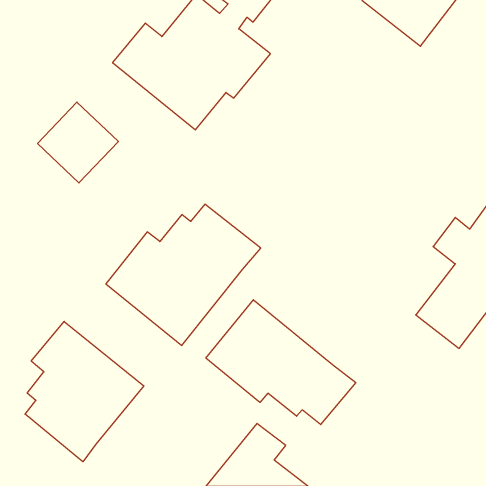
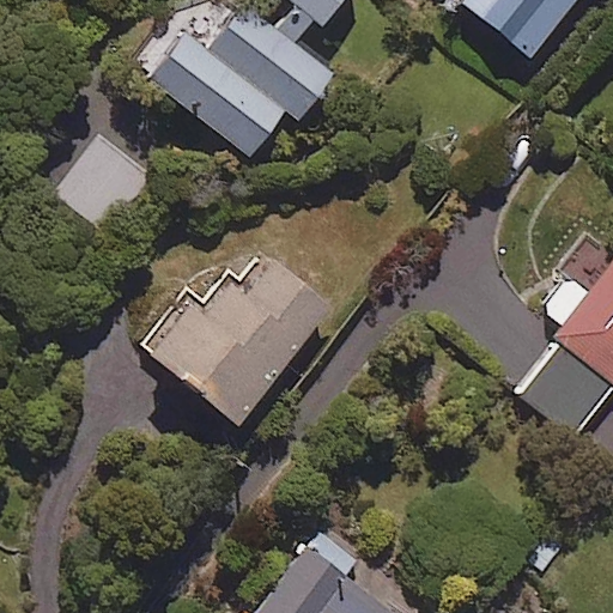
building: [206,300,356,425] -> none
building: [25,321,144,462] -> none

